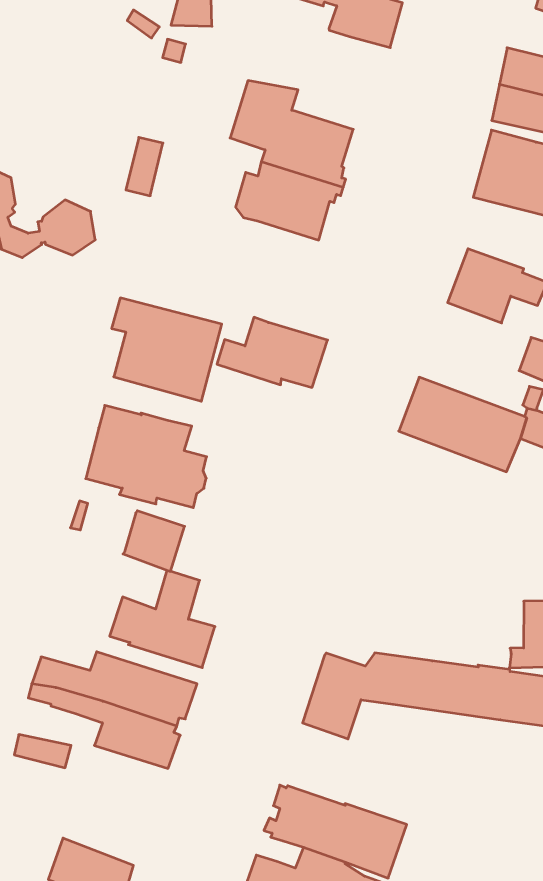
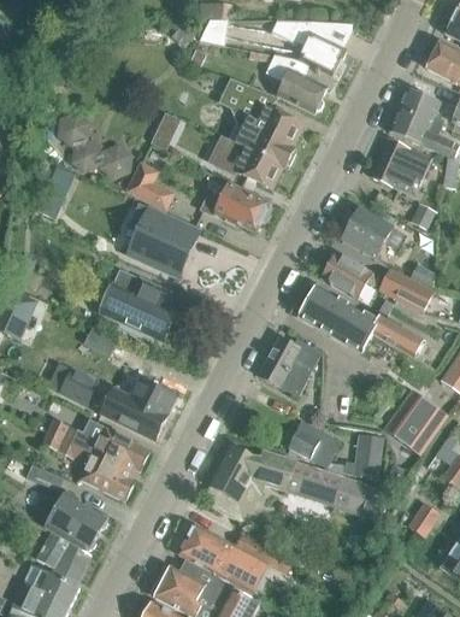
building: none -> [266,54,326,114]
building: none -> [128,161,176,211]
building: [217,317,328,387] -> [200,183,271,233]
building: none -> [322,252,377,296]
building: none -> [259,336,320,395]
building: [123,511,185,571] -> [59,365,100,406]
building: none -> [288,419,341,466]
building: none -> [34,492,106,552]

